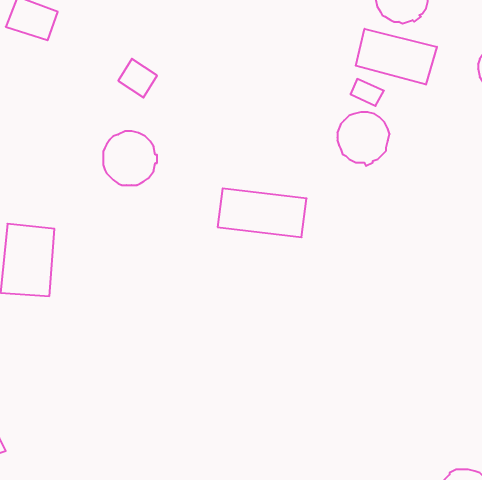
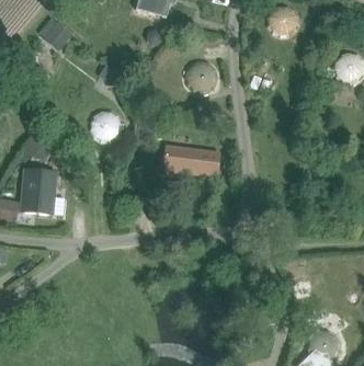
building: [356,29,437,85] -> none
building: [337,112,390,166] -> [184,59,218,94]

